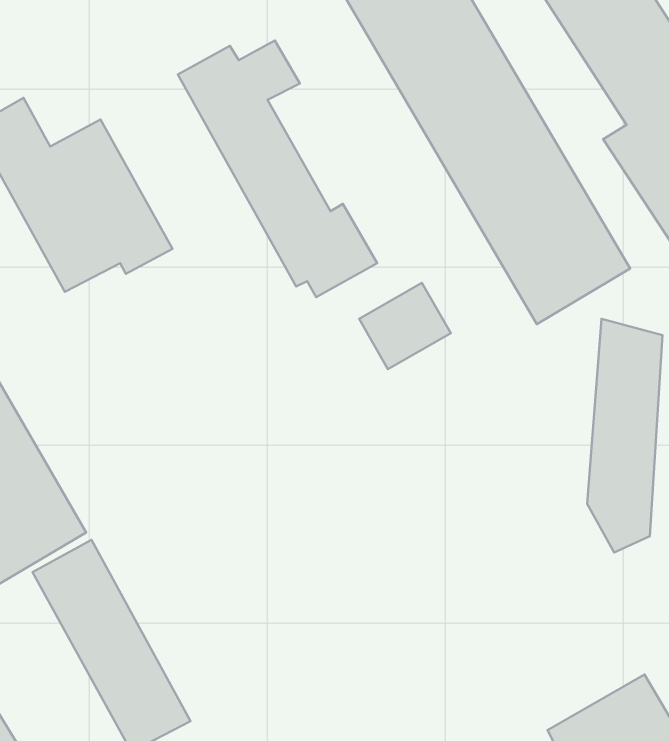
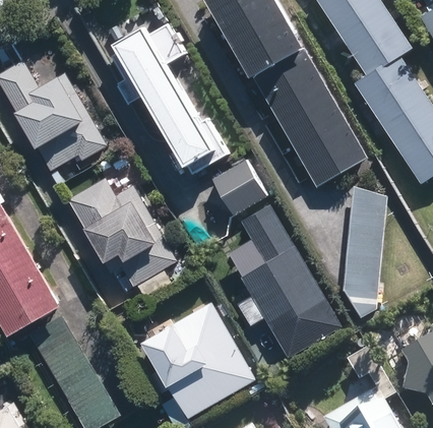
building: none -> [67,177,177,284]
building: none -> [226,205,341,357]
building: none -> [162,302,254,418]

